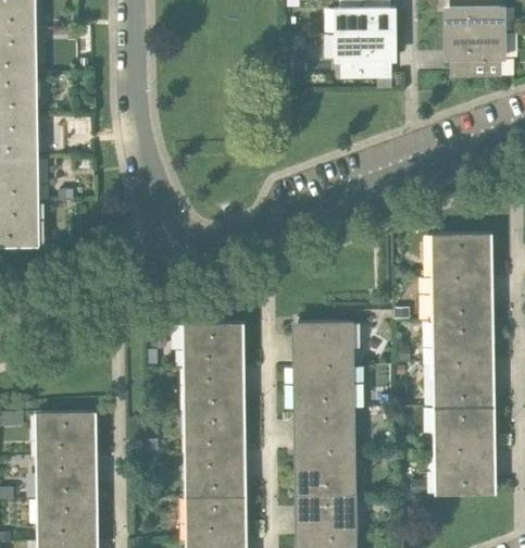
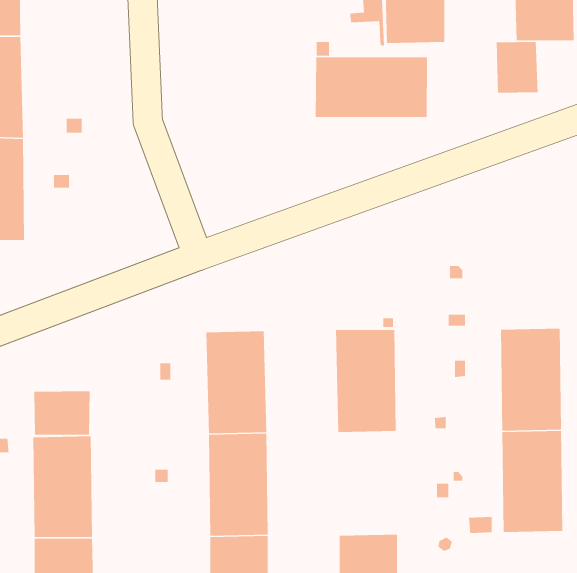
building: none -> [496,41,539,94]
building: none -> [315,57,428,118]
building: [437,233,489,321] -> none
building: none -> [34,390,90,435]
building: [300,408,351,496] -> none

